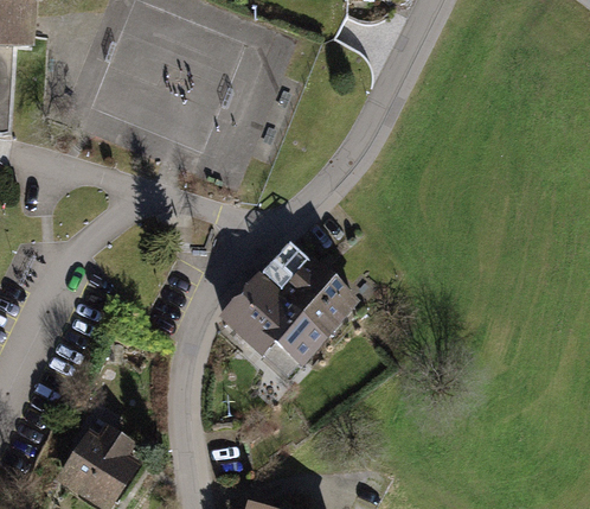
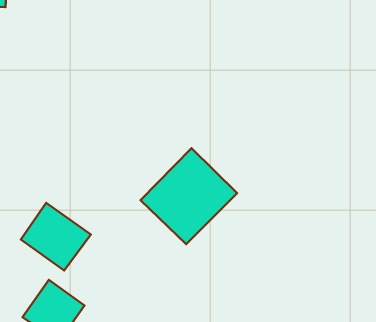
building: none -> [21,203,91,270]

